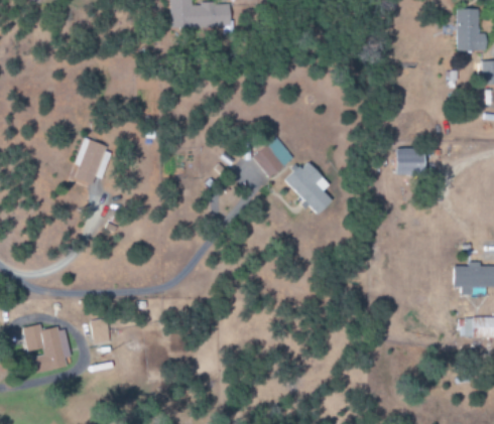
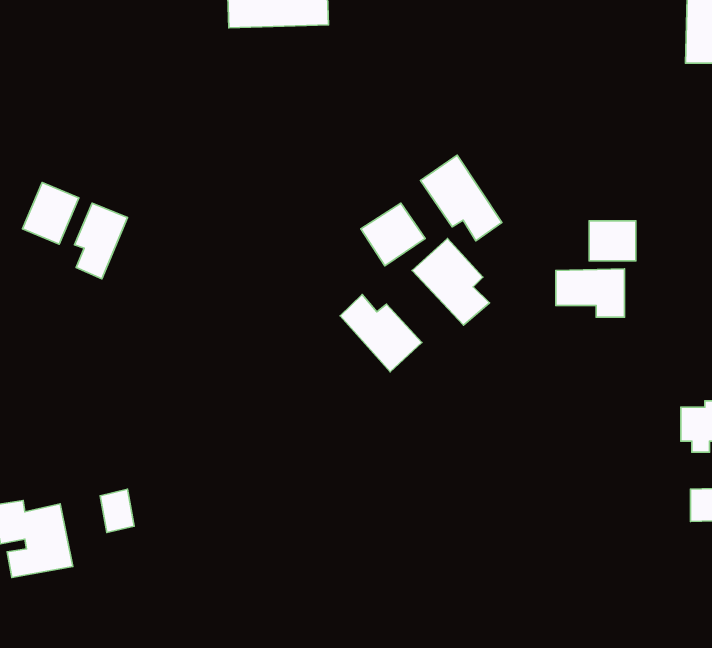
building: none -> [421,155,502,241]
building: none -> [23,182,79,244]
building: none -> [556,269,624,317]
building: none -> [340,295,422,372]

